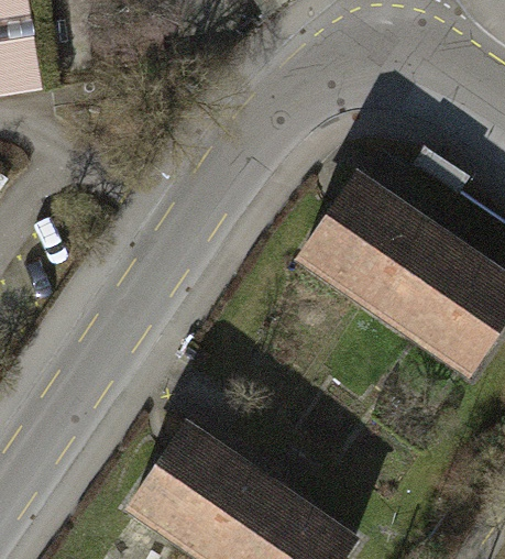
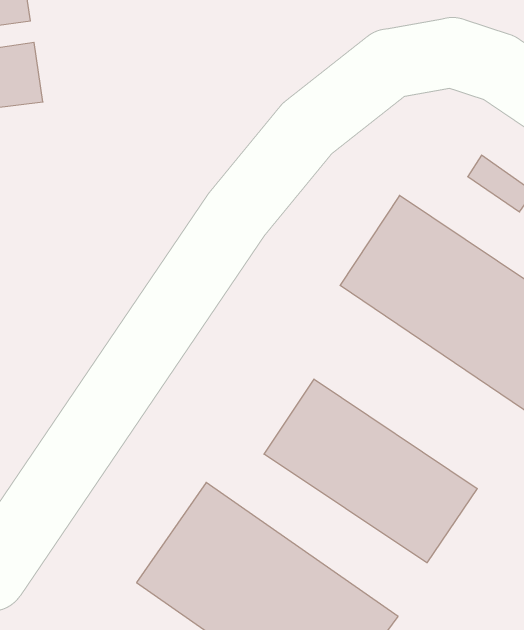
building: none -> [264,379,477,563]

